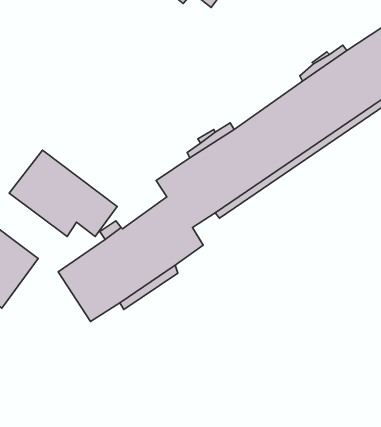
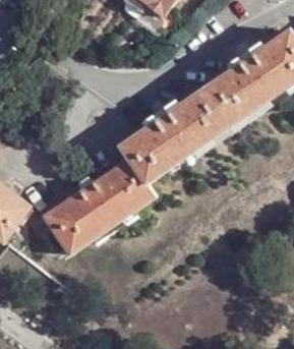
building: [9,150,117,236] -> none

